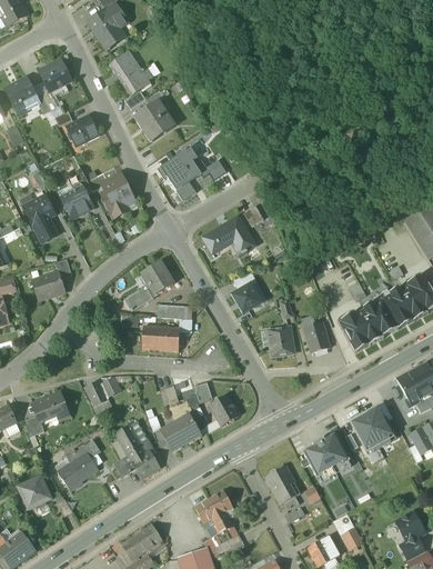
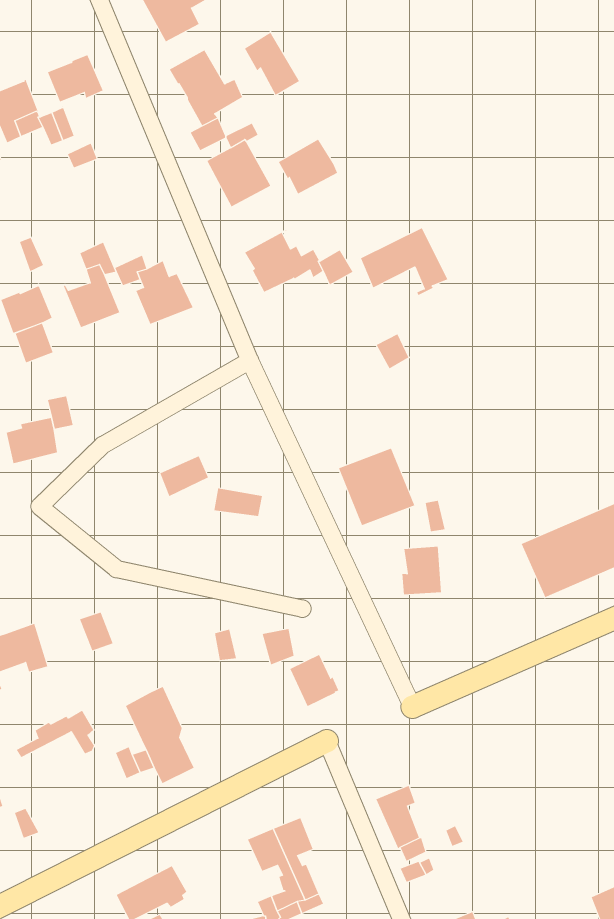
building: none -> [244,32,300,96]
building: none -> [278,139,338,195]
building: [67,114,99,146] -> none
building: [203,216,255,256] -> [360,227,448,296]
building: [142,261,173,295] -> none
building: [304,321,330,352] -> none
building: [142,326,180,351] -> none
building: [350,406,395,451] -> none
building: [161,412,201,450] -> none
building: [302,432,350,477] -> none
building: [58,452,98,487] -> none

